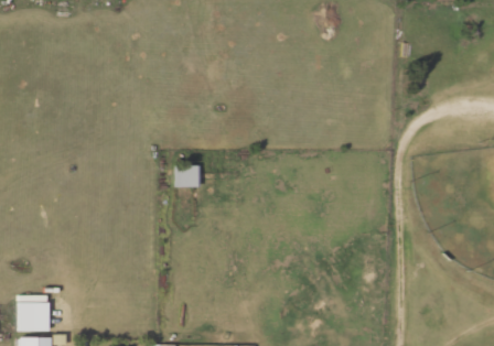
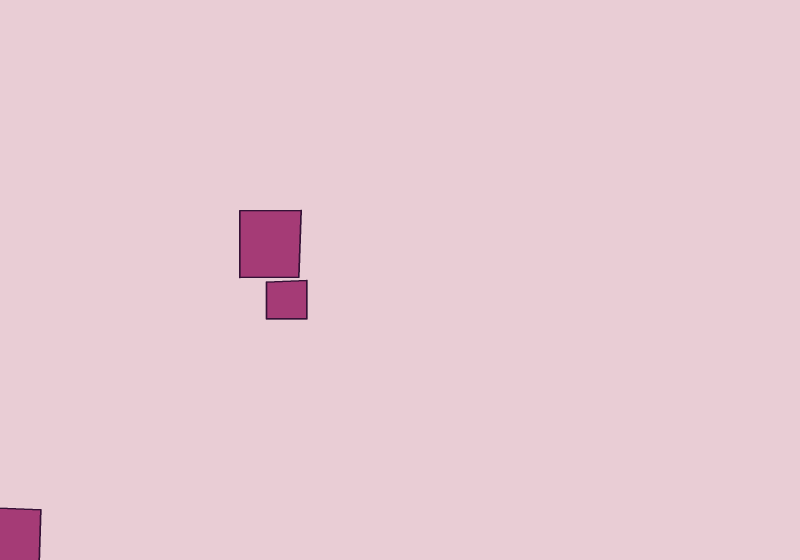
building: none -> [240,210,301,278]

